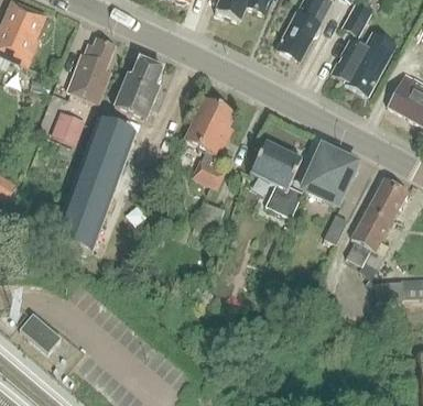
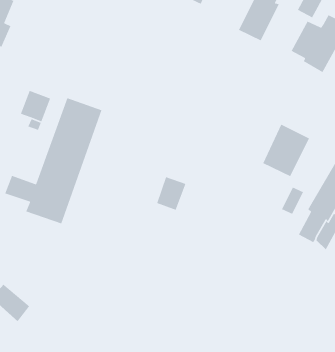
building: [69,40,116,101] -> none
building: [115,56,164,120] -> none
building: [186,98,236,185] -> none
building: [250,141,303,216] -> none

